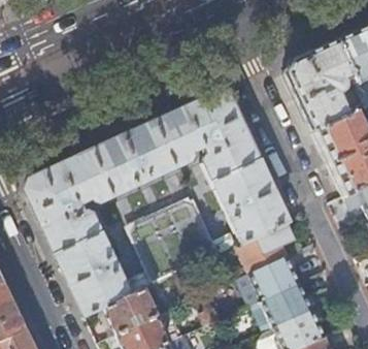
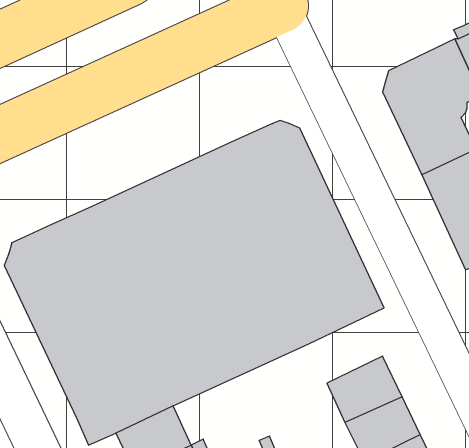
building: [236,222,295,274] -> none

